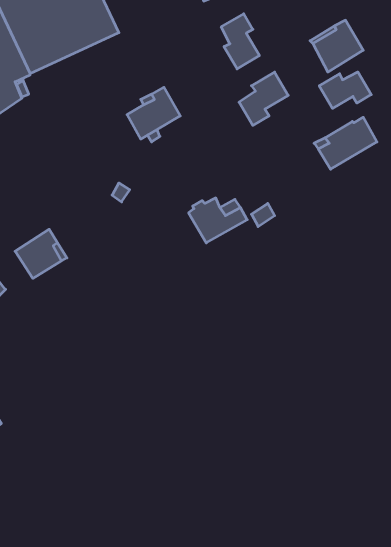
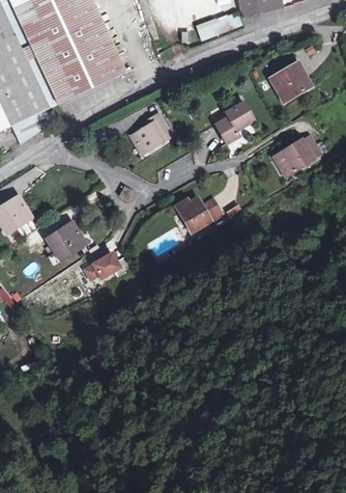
building: [221,14,259,69] -> none
building: [319,72,371,108] -> none
building: none -> [83,250,125,282]

